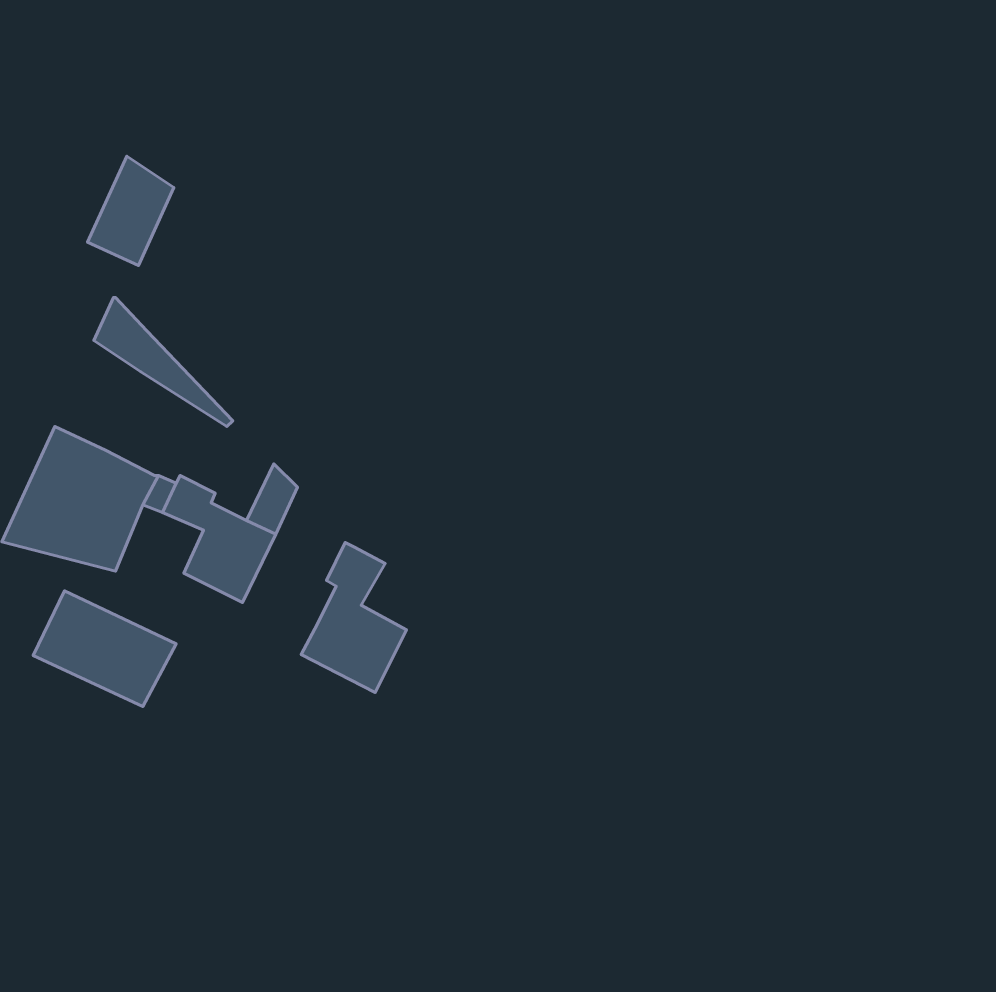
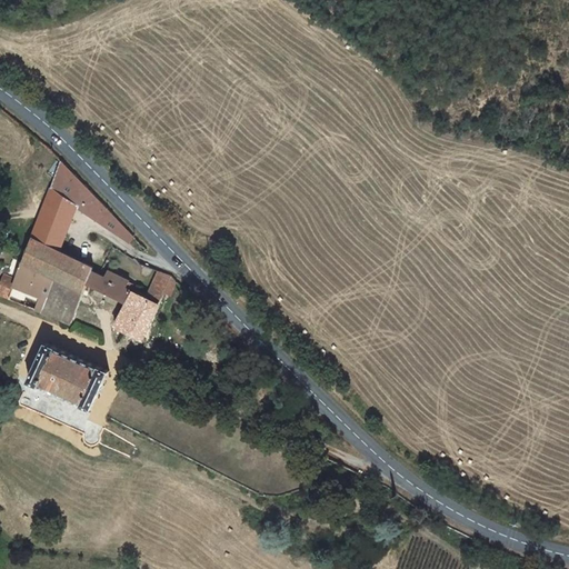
building: [88,156,174,266] -> [31,193,80,256]
building: [301,543,406,693] -> none

